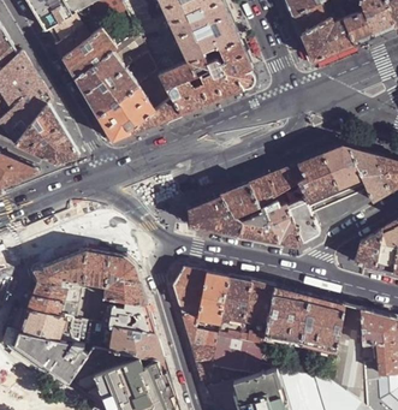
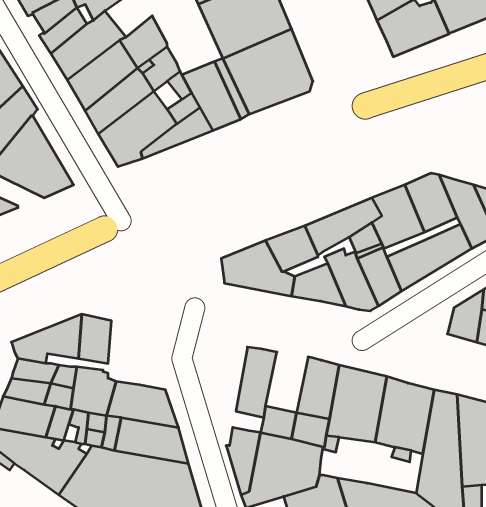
building: [105,255,147,305] -> none
building: [173,269,207,346] -> none
building: [220,278,251,322] -> none

